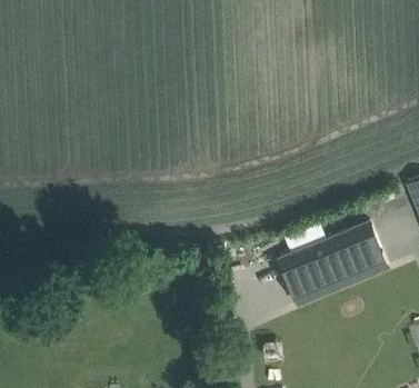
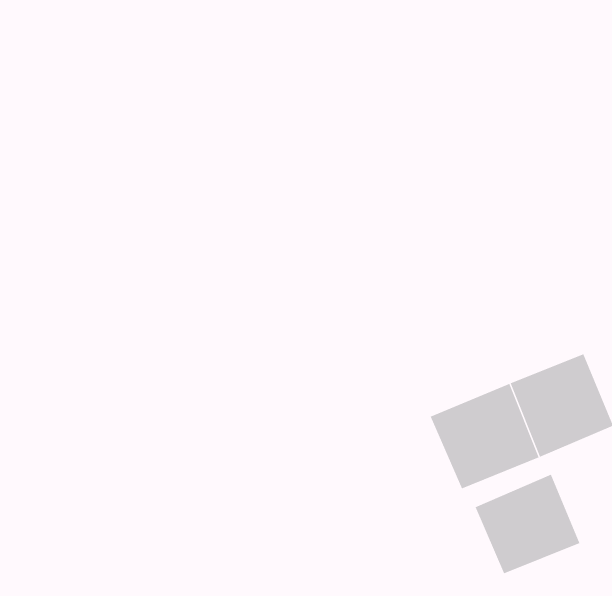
building: none -> [475,474,580,574]

